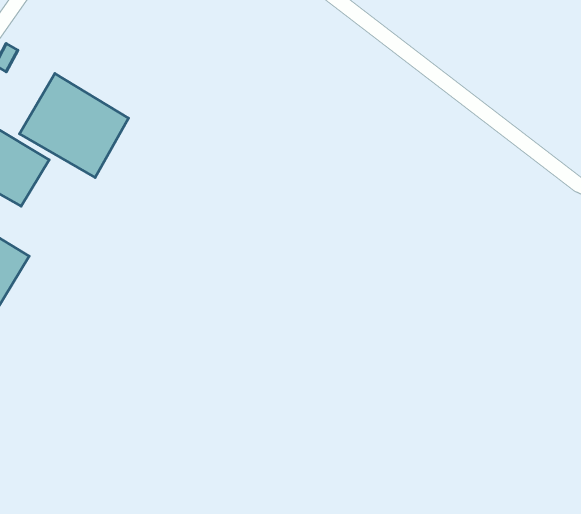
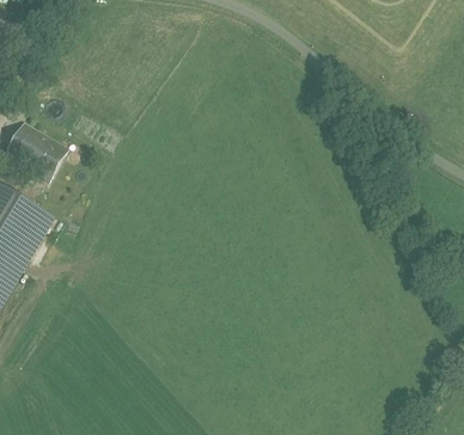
building: [20,73,129,177] -> none

